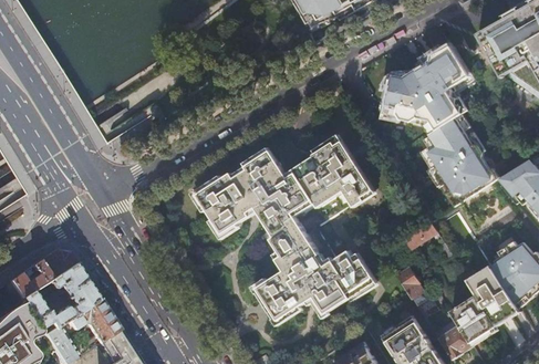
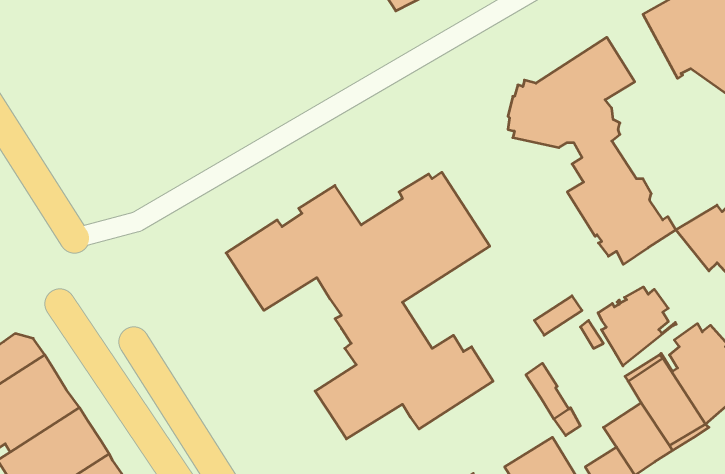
building: none -> [598,287,676,366]

